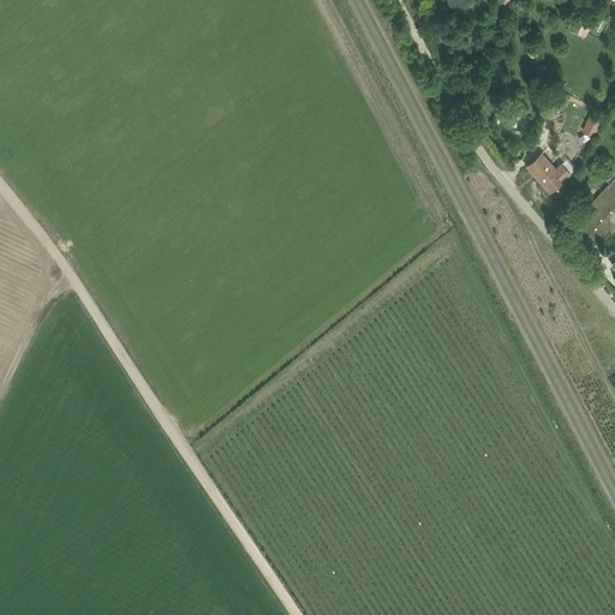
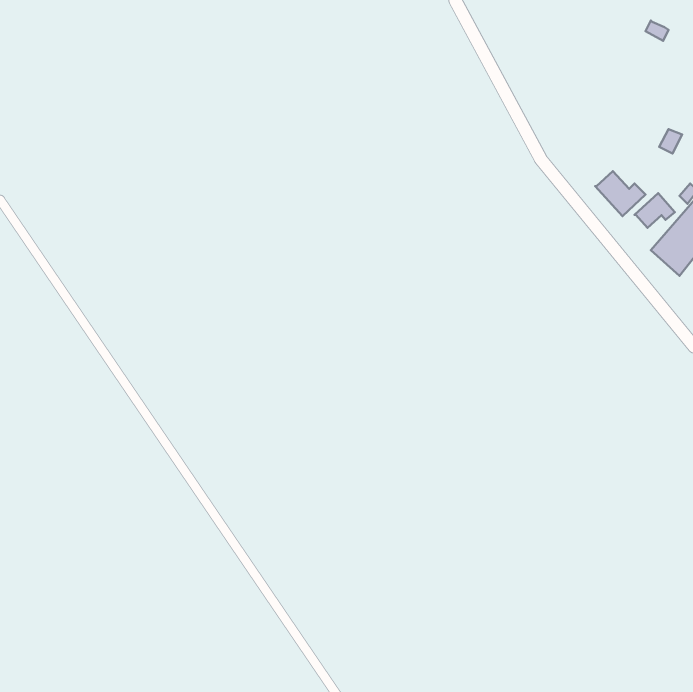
building: none -> [635,193,675,228]

